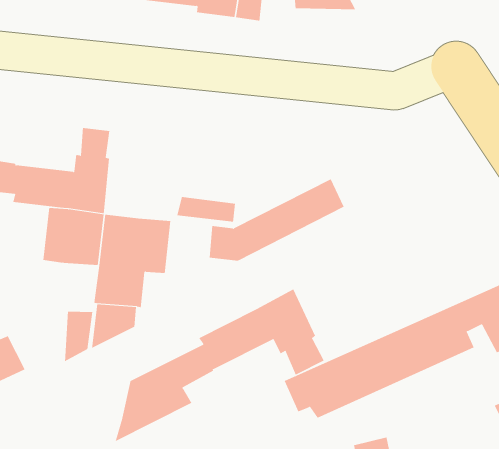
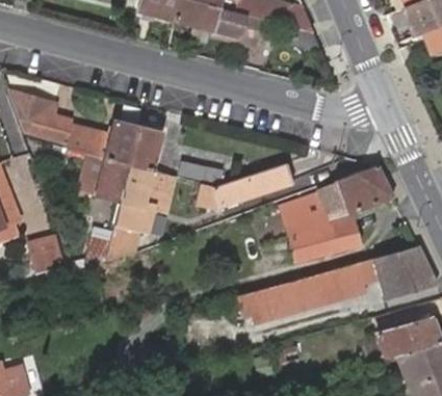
building: none -> [129,128,161,171]
building: none -> [278,166,394,264]
building: [115,289,325,442] -> none

